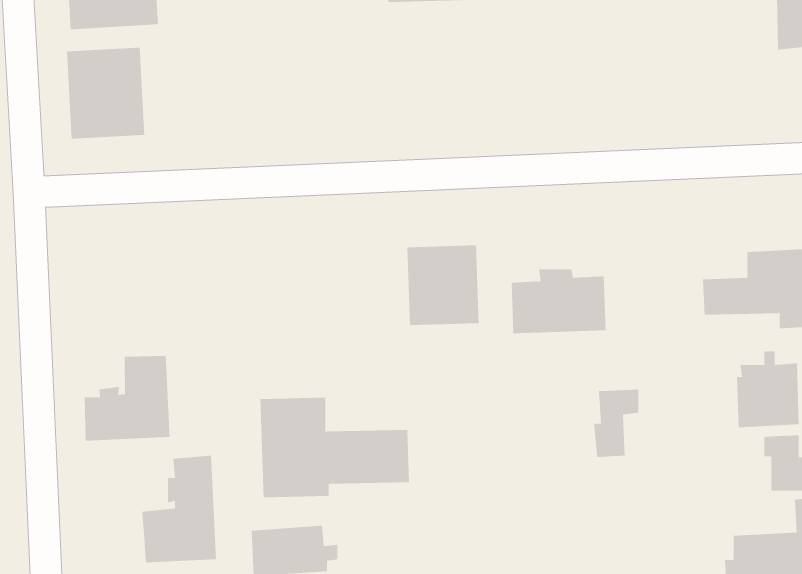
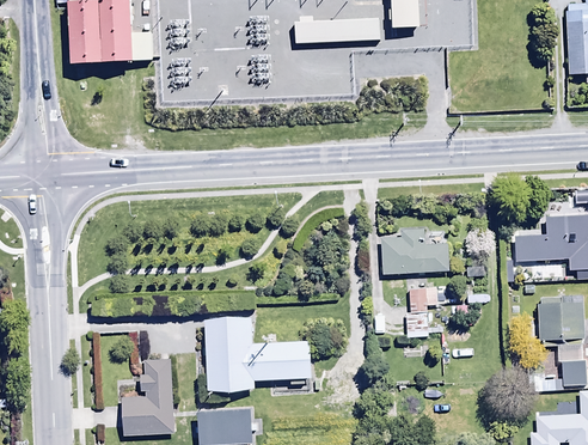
building: [67,47,145,139] -> none
building: [407,245,479,326] -> none
building: [84,355,170,442] -> none
building: [593,389,639,457] -> [405,288,437,336]

